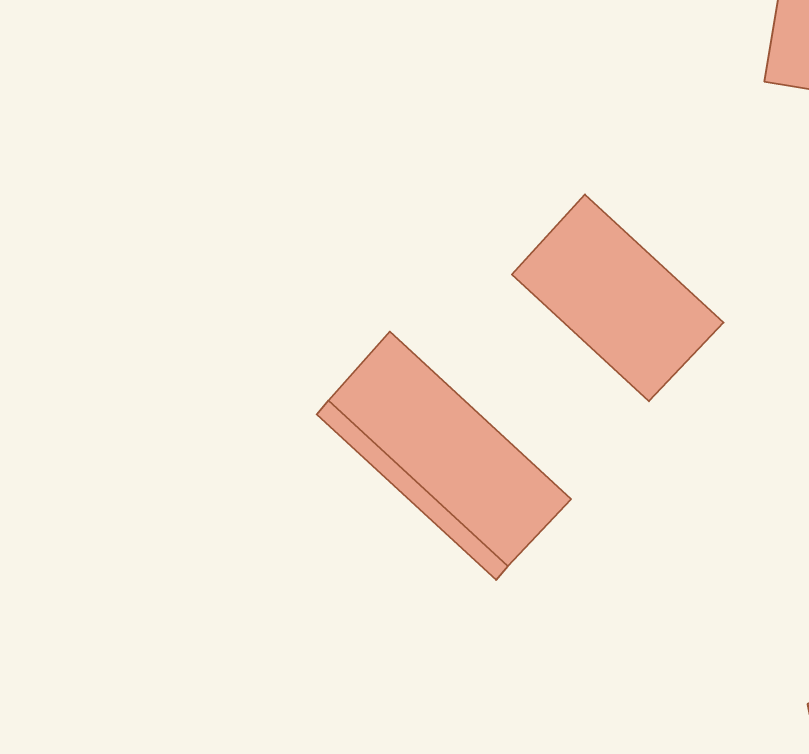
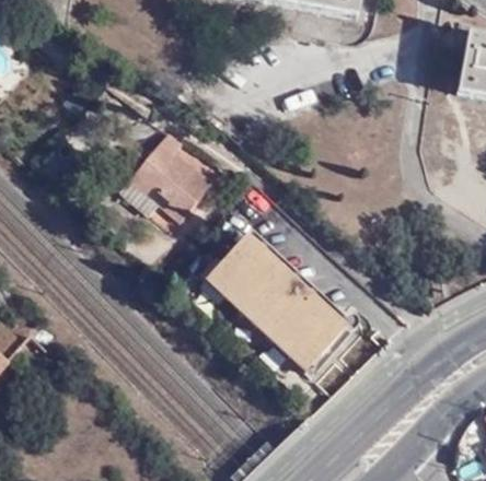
building: none -> [131,129,215,218]
building: [512,194,724,401] -> none

